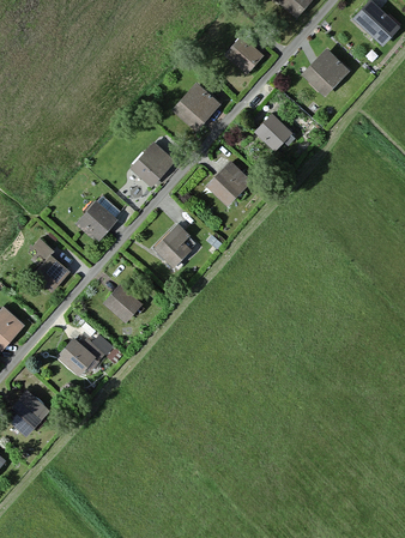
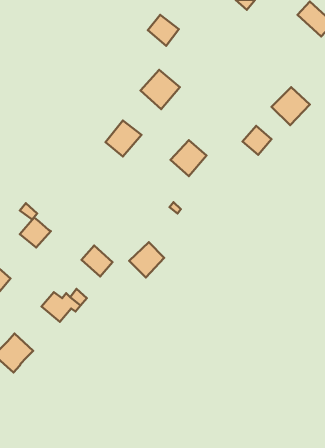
building: [226,36,262,72] -> [148,15,179,46]
building: [303,49,347,93] -> [272,87,310,125]
building: [258,114,291,147] -> [243,126,272,155]
building: [78,197,122,240] -> none
building: [155,226,195,267] -> [129,242,164,277]

